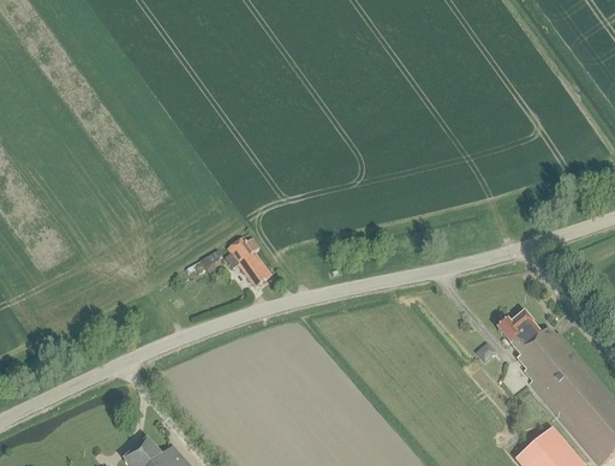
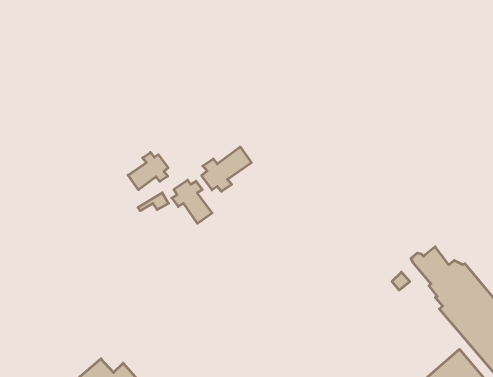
building: none -> [202,147,251,191]
building: none -> [128,152,168,190]

